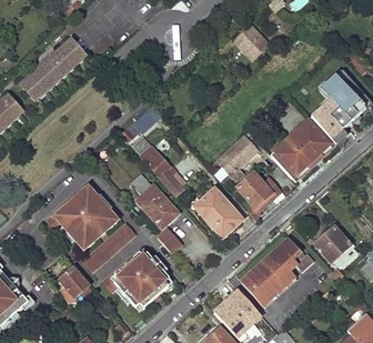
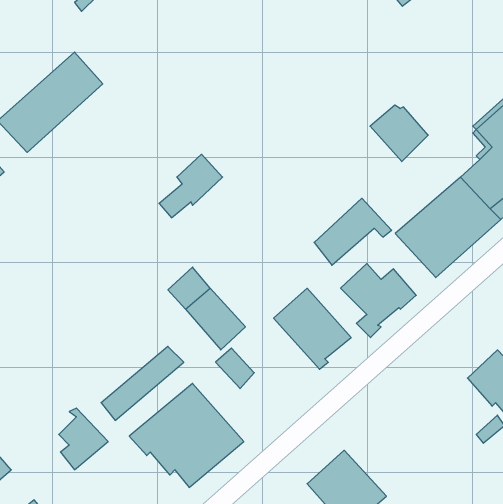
building: [231,24,268,60] -> [370,105,428,162]
building: [141,148,183,194] -> none
building: [48,184,120,251] -> none
building: [243,236,314,301] -> none

